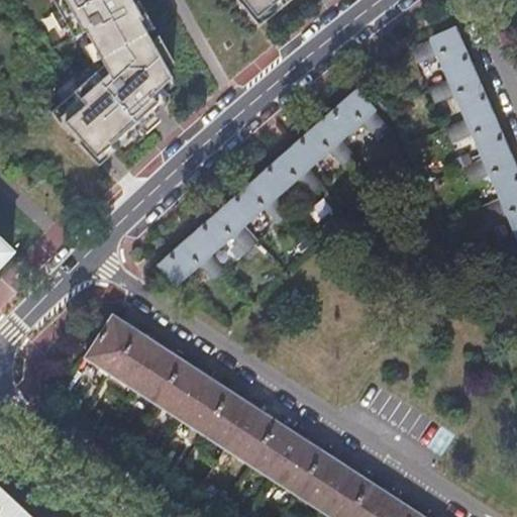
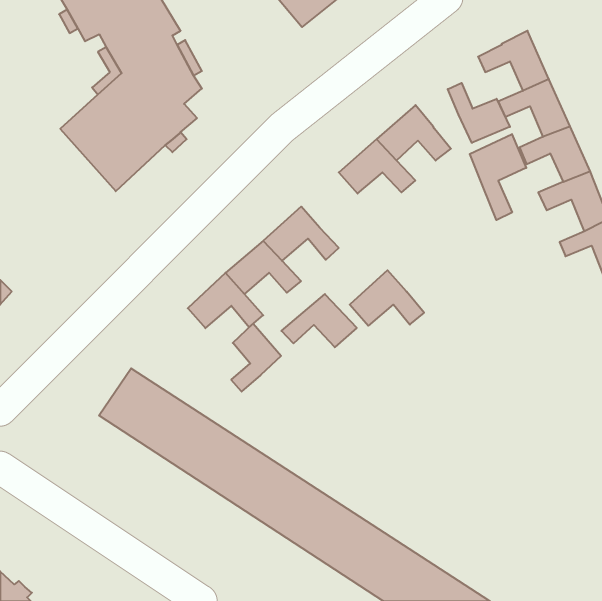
building: none -> [448,83,510,143]
building: none -> [470,134,526,220]
building: [258,147,322,195] -> [350,270,424,326]
building: none -> [281,294,357,347]
building: none -> [231,324,281,392]

